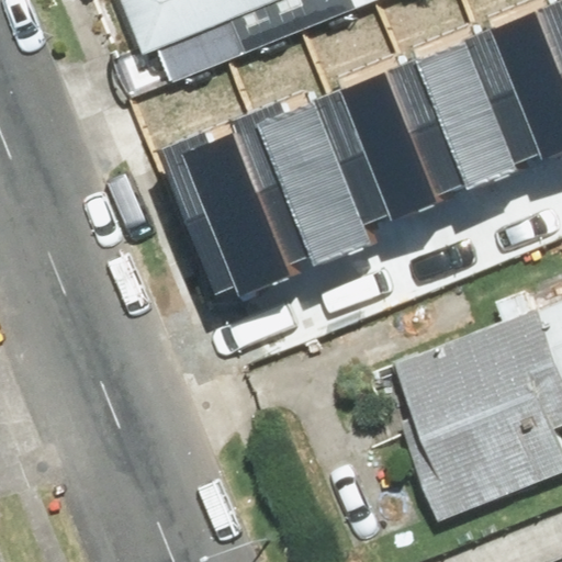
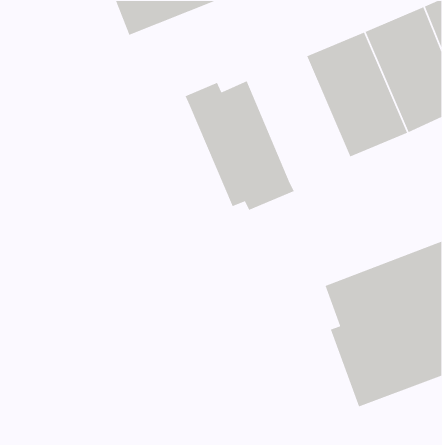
building: [312,70,441,231] -> none
building: [157,131,297,296] -> none

